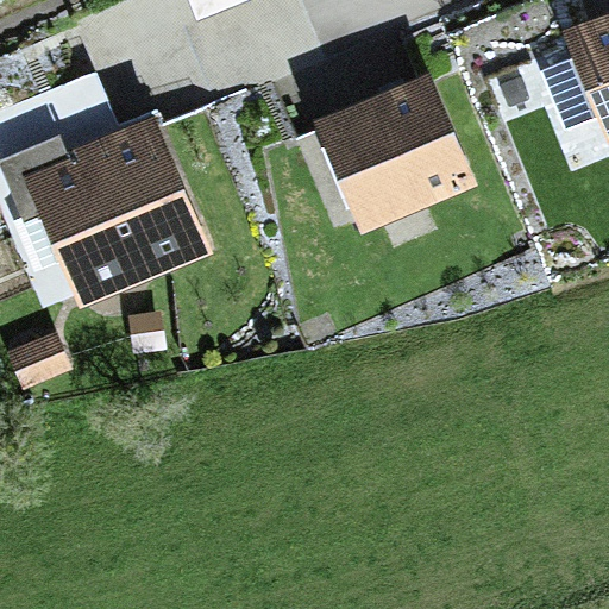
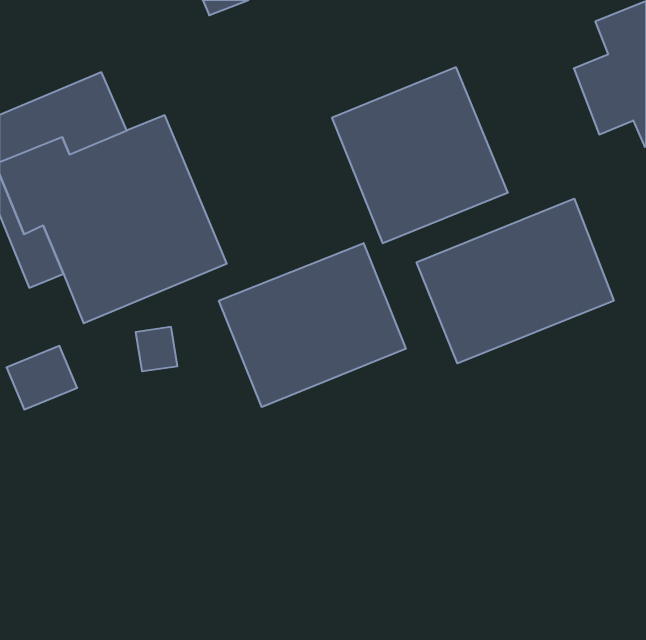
building: none -> [417,199,614,363]
building: none -> [219,243,406,407]

